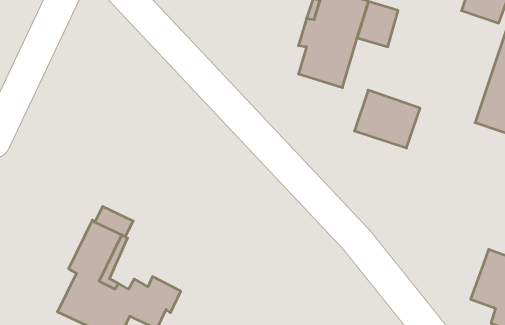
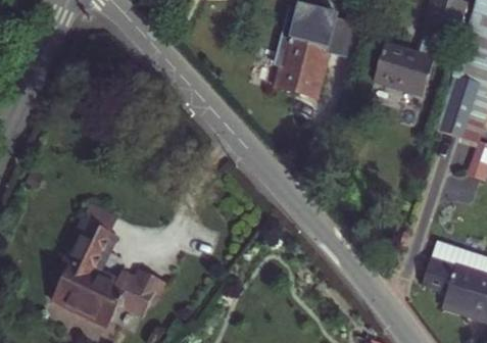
building: [354,90,420,148] -> [370,37,429,89]

